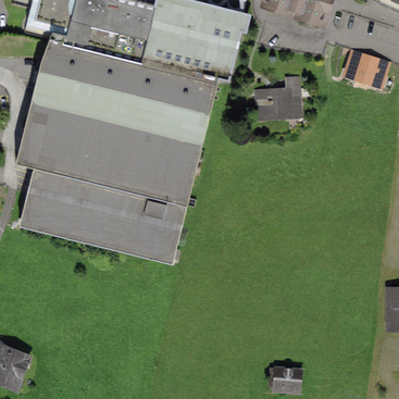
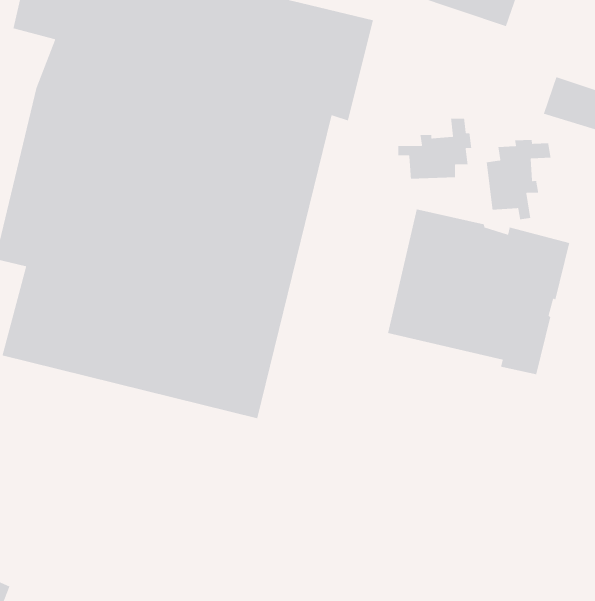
building: none -> [486,139,551,220]
building: none -> [387,209,570,375]

